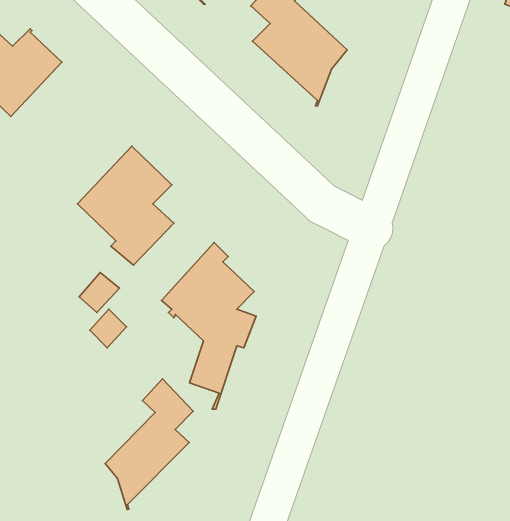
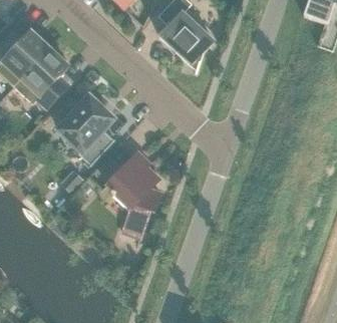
building: none -> [20,48,69,109]
building: [105,379,193,509] -> none

